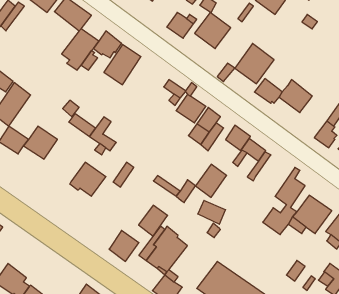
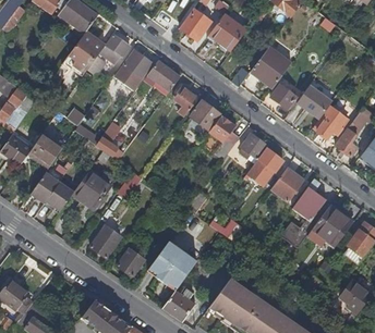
building: none -> [145,61,179,91]
building: none -> [313,106,347,138]
building: none -> [29,171,76,213]
building: [196,164,227,197] -> [271,164,304,199]
building: [139,205,168,236] -> [90,224,121,257]

